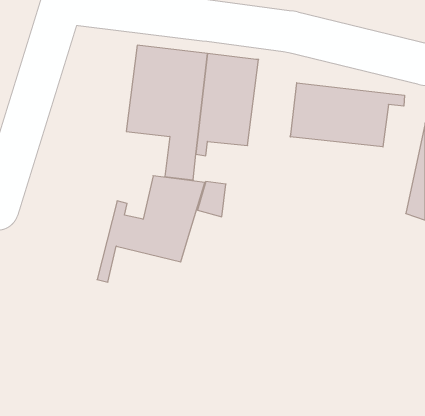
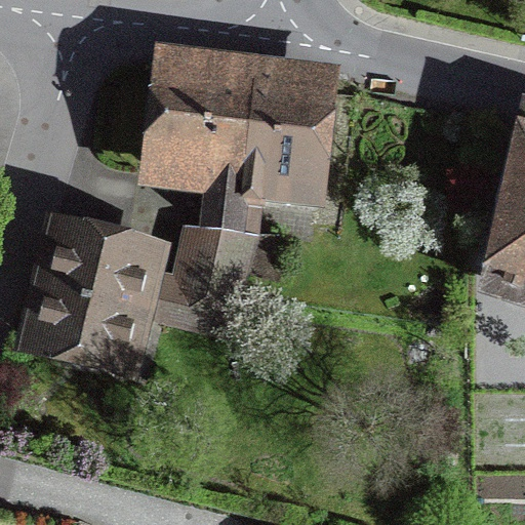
building: [290,83,404,147] -> none
building: none -> [25,225,144,351]

